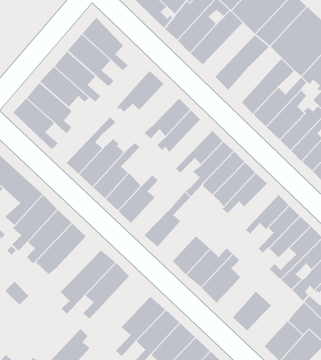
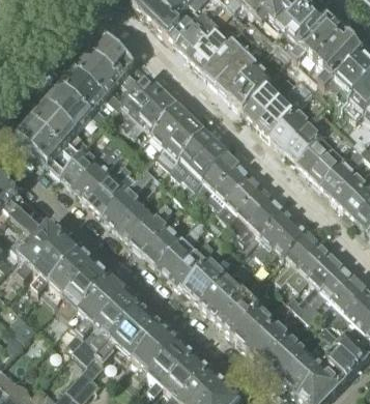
building: none -> [219,40,274,97]
building: none -> [122,76,163,129]
building: none -> [246,77,296,124]
building: none -> [152,105,194,147]
building: none -> [60,133,121,187]
building: none -> [183,142,229,192]
building: none -> [257,209,298,258]
building: none -> [143,224,182,264]
building: none -> [171,238,214,291]
building: none -> [54,265,112,331]
building: none -> [90,307,164,370]
building: none -> [233,308,275,350]
building: none -> [265,338,308,380]

